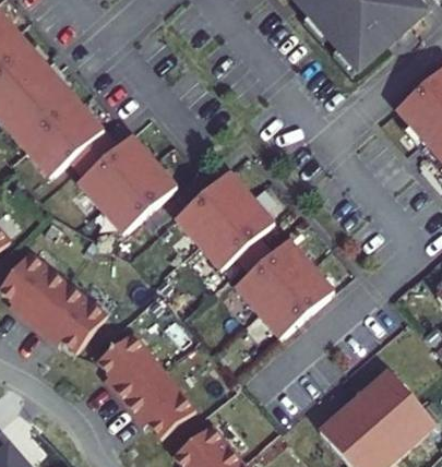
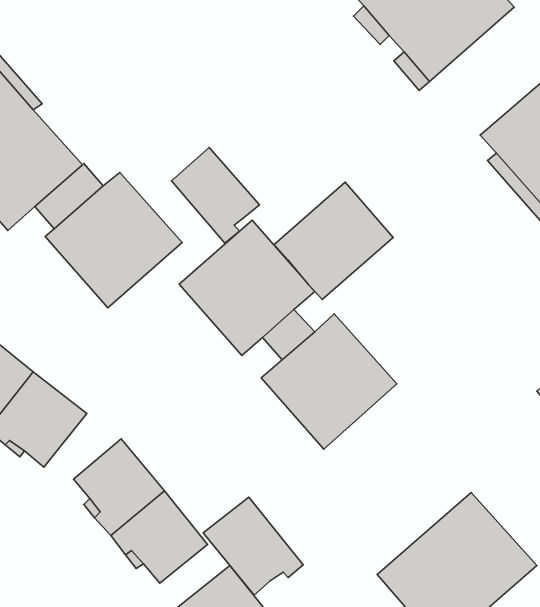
building: none -> [172,147,259,243]
building: none -> [274,182,393,299]
building: none -> [203,497,303,595]

